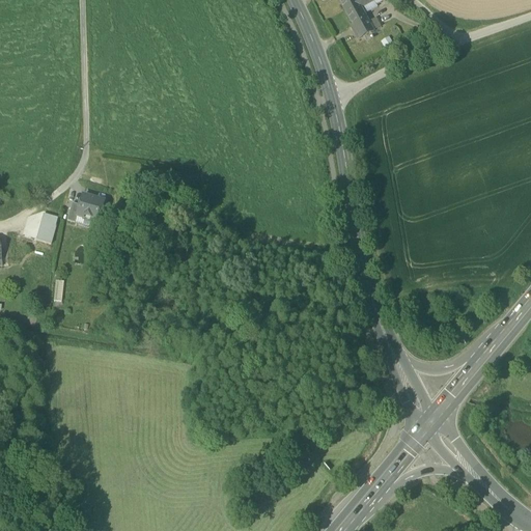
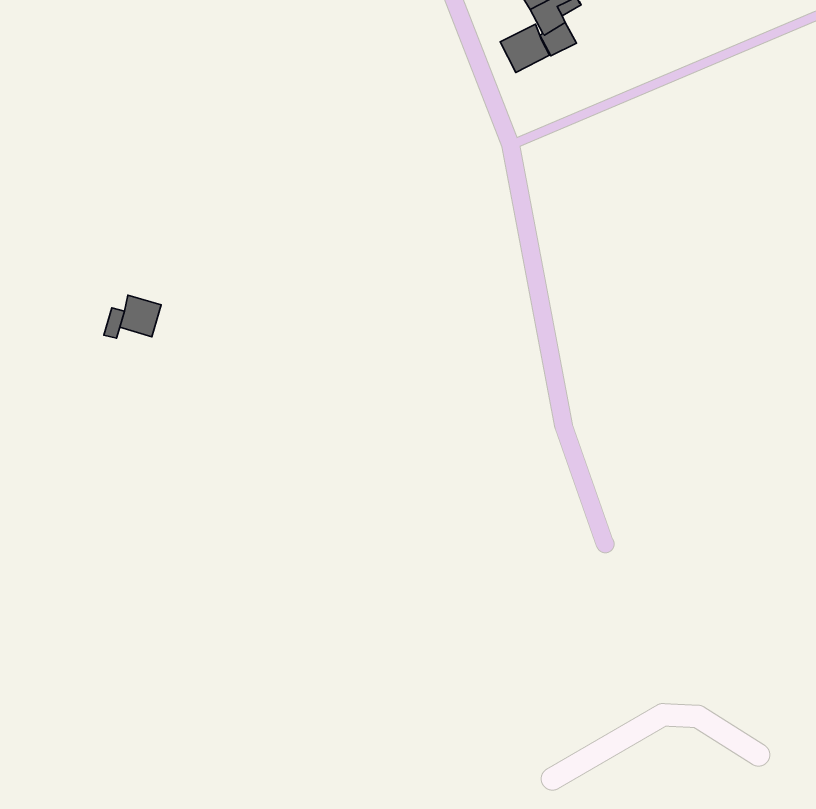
building: none -> [500,24,550,72]
building: [36,206,59,244] -> none

